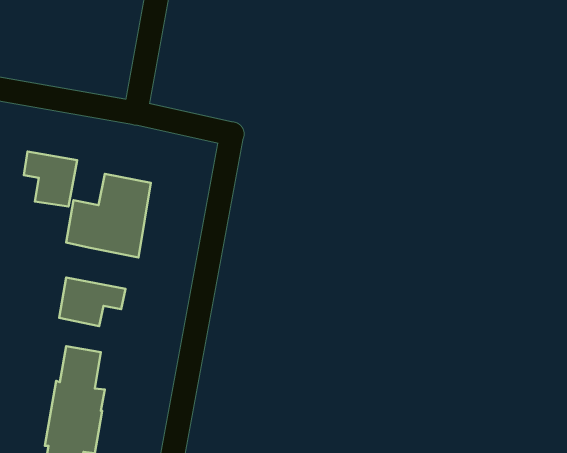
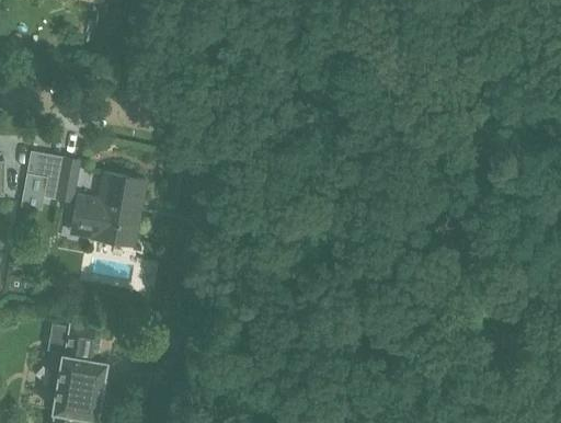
building: [59,277,126,326] -> none

